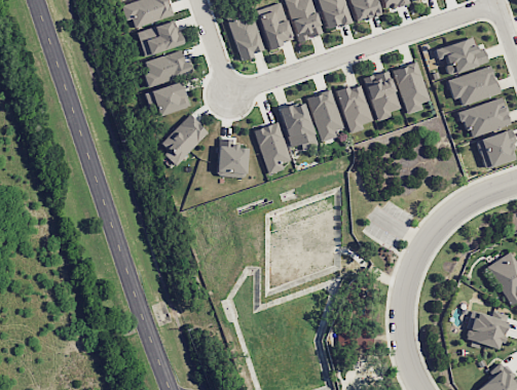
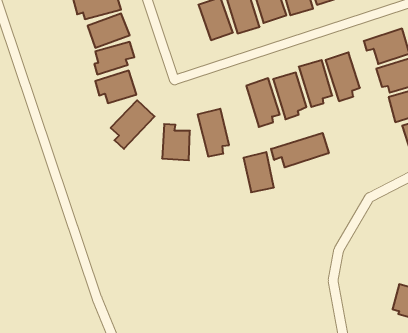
building: [228,11,264,59] -> none
building: [280,102,312,145] -> [243,152,274,192]
building: none -> [271,133,329,167]

